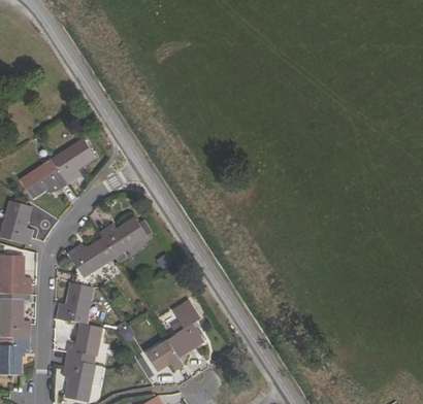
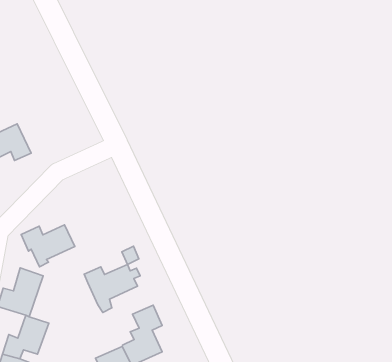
building: [52,139,95,183] -> none
building: [100,221,149,265] -> [84,264,140,313]

